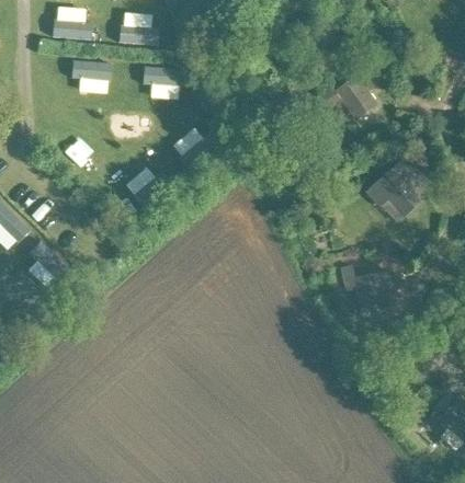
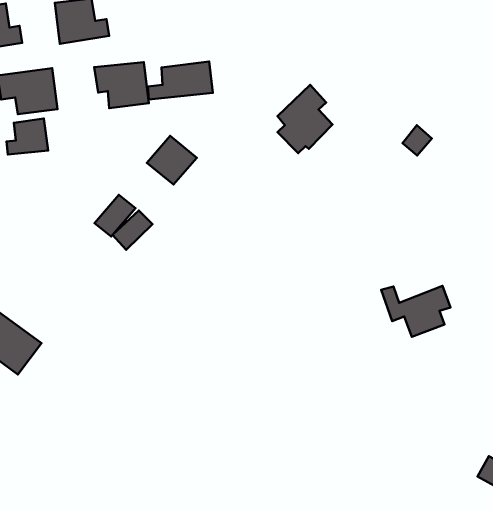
building: none -> [148,61,213,99]
building: [327,73,370,124] -> [277,85,332,153]
building: none -> [6,119,48,155]
building: [361,162,417,219] -> none

